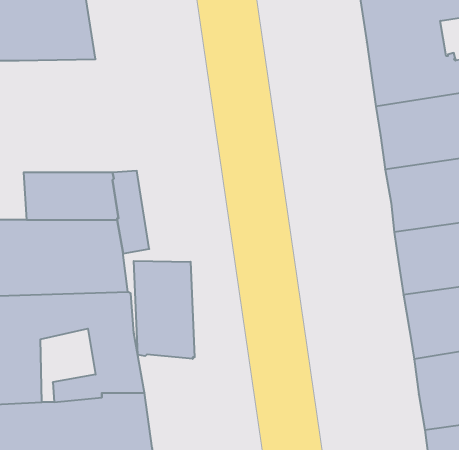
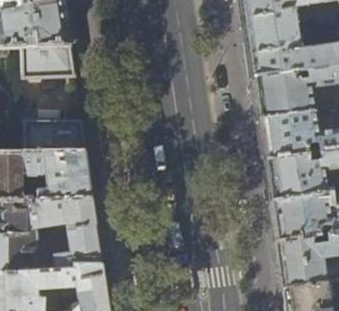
building: none -> [20,47,74,80]
building: [134,261,195,359] -> none

